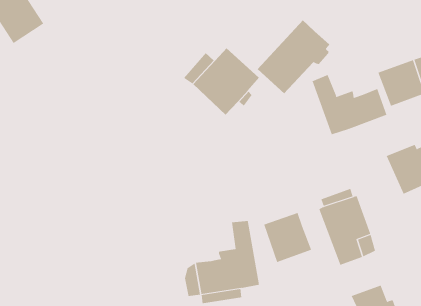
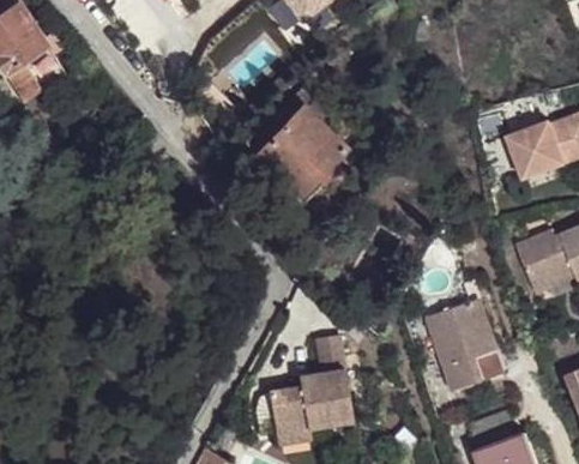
building: [257,19,330,94] -> none
building: [312,74,387,135] -> none
building: [264,212,312,263] -> none

